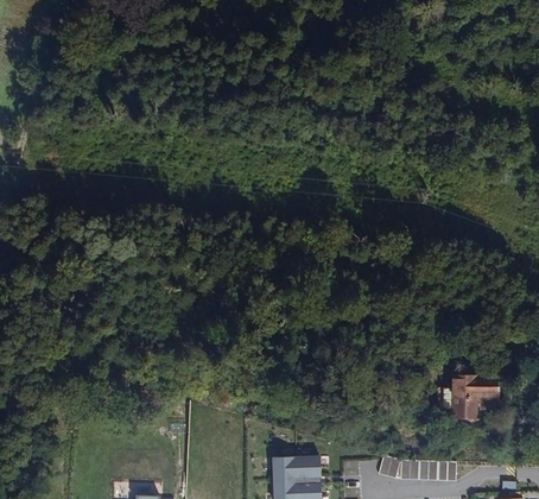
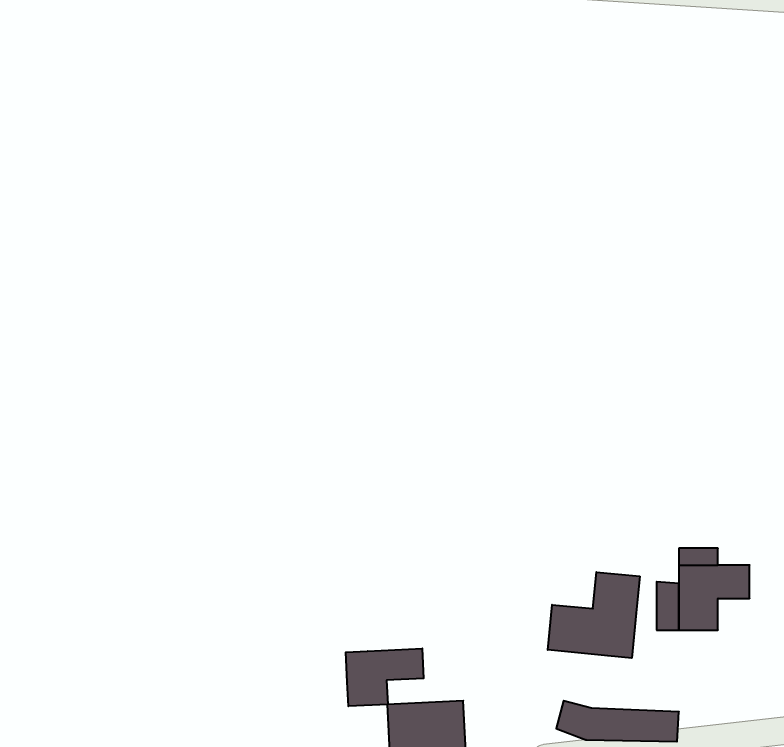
building: none -> [548,572,640,658]
building: none -> [346,648,424,706]

